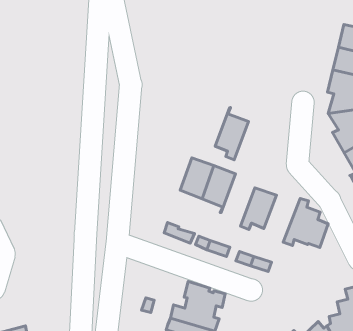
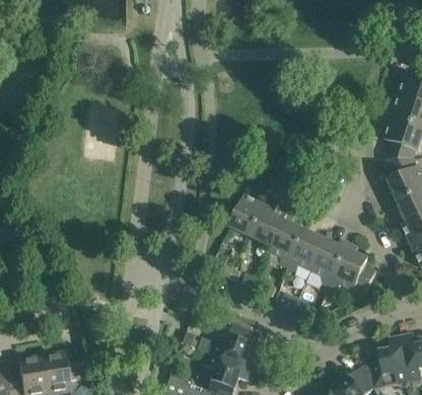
building: [215,108,249,160] -> [271,215,306,267]
building: none -> [312,239,351,287]

